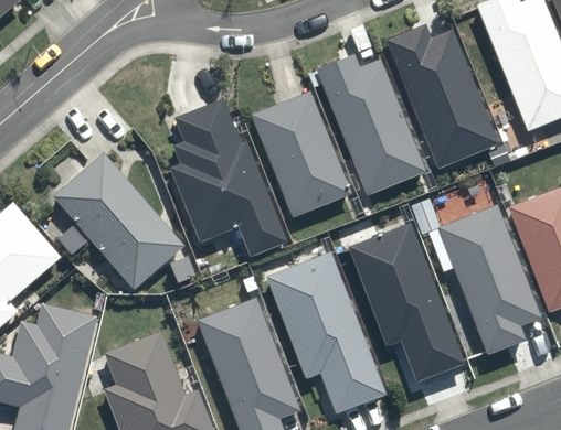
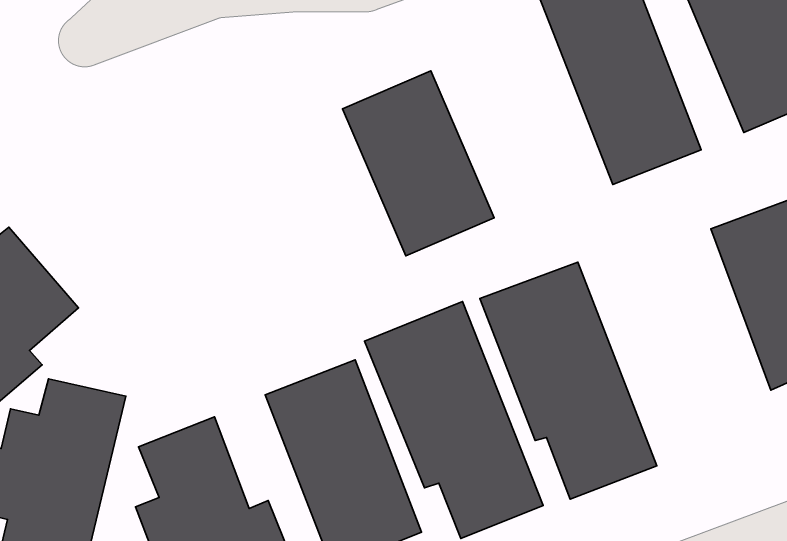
building: [315,53,428,194] -> none
building: [162,97,287,255] -> none
building: [54,153,184,287] -> none
building: [440,205,543,354] -> none

